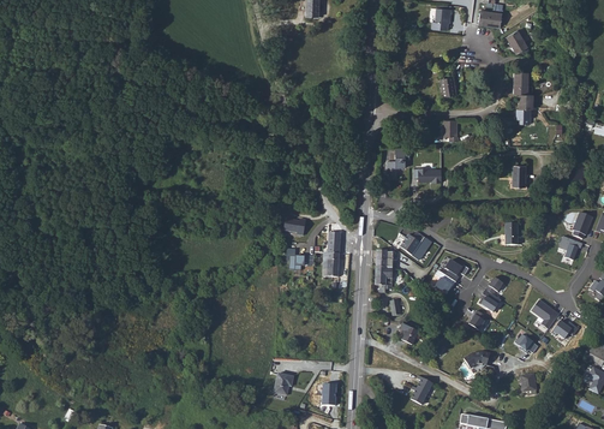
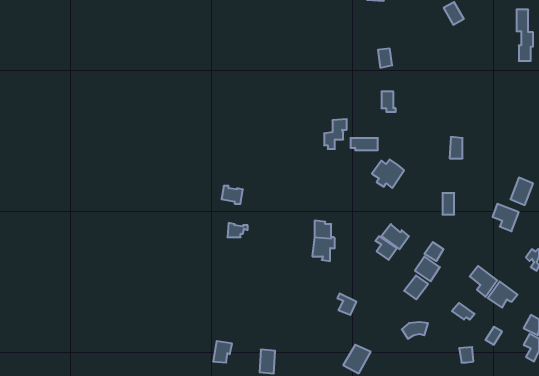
building: [514,73,531,125] -> [516,10,533,61]
building: [318,232,337,276] -> none
building: [399,234,431,263] -> [372,159,404,188]

